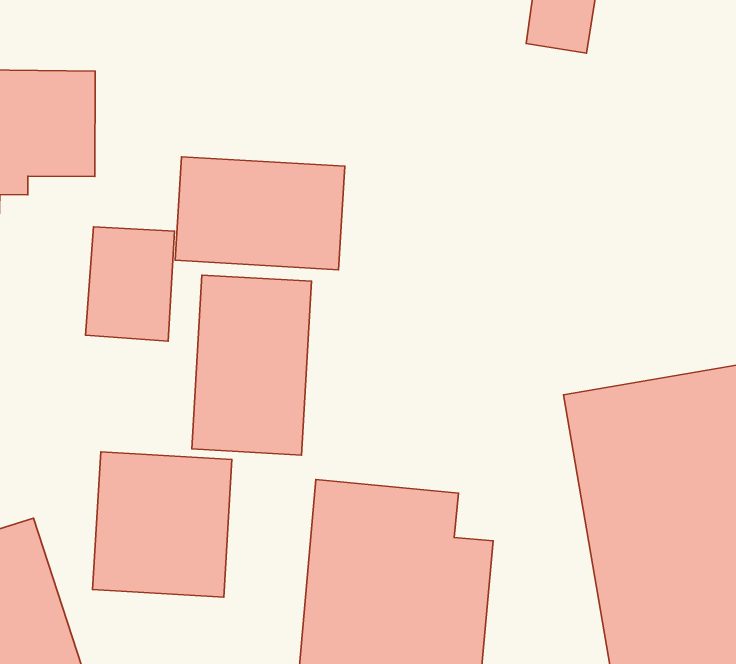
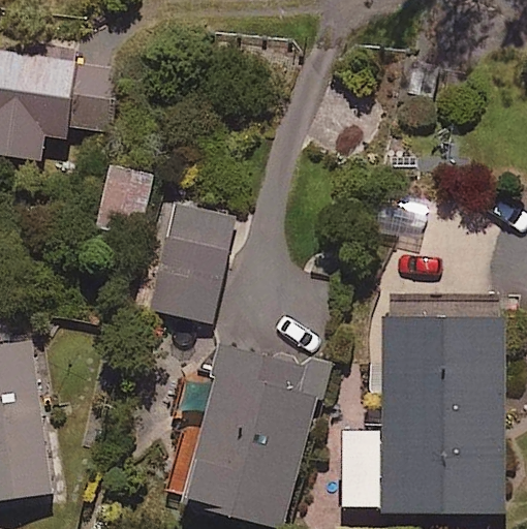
building: [175,157,345,270] -> none
building: [93,452,232,597] -> none

